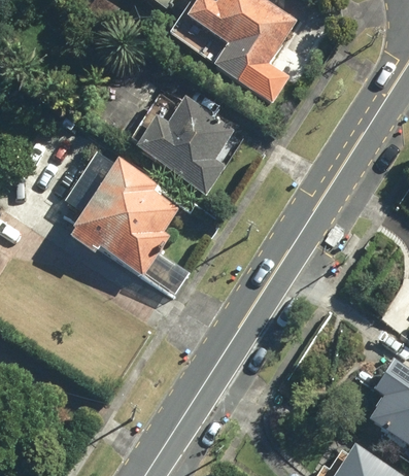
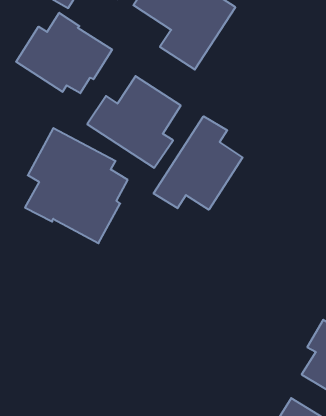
building: none -> [16,13,112,93]
building: none -> [154,116,243,210]

